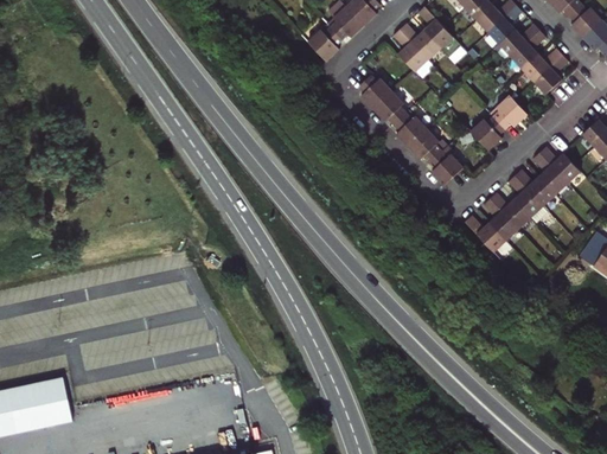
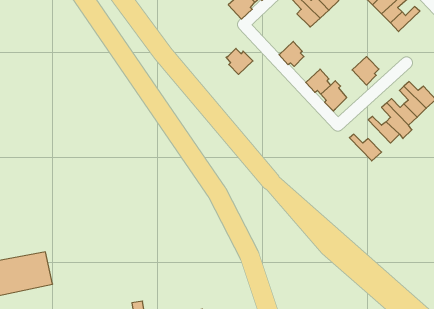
building: [533,55,568,95] -> none
building: [358,78,394,113] -> [226,48,253,74]
building: [494,96,529,132] -> none
building: [395,115,429,149] -> none
building: [486,199,523,242] -> none

